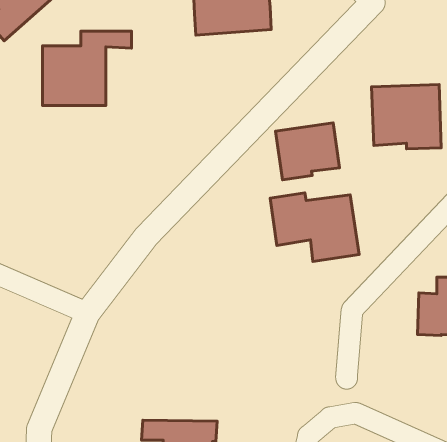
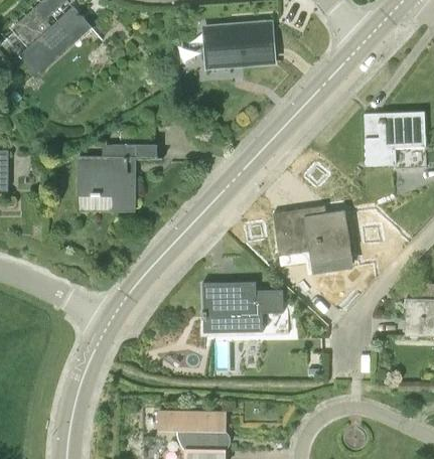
building: [43,31,132,105] -> [78,144,157,210]
building: [275,123,339,180] -> none
building: none -> [201,282,288,334]

